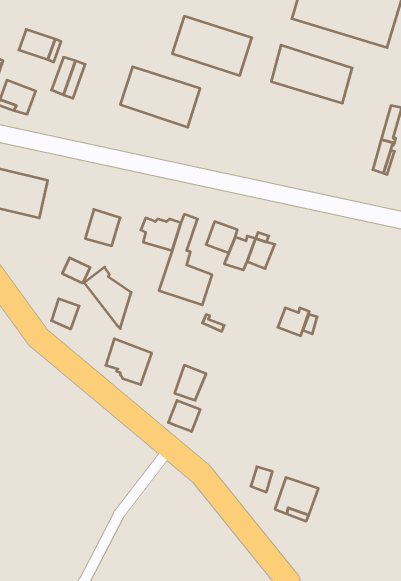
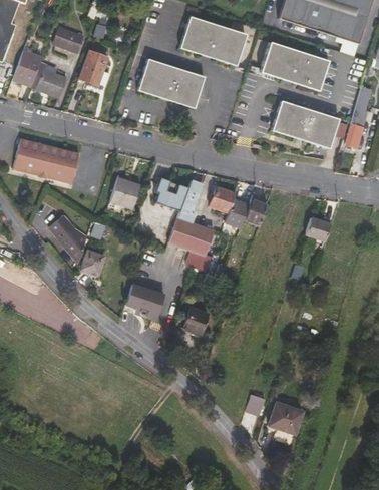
building: none -> [275,99,341,146]
building: [84,267,131,329] -> [46,215,85,267]
building: [278,308,309,336] -> [303,218,329,241]
building: [168,400,200,432] -> none

